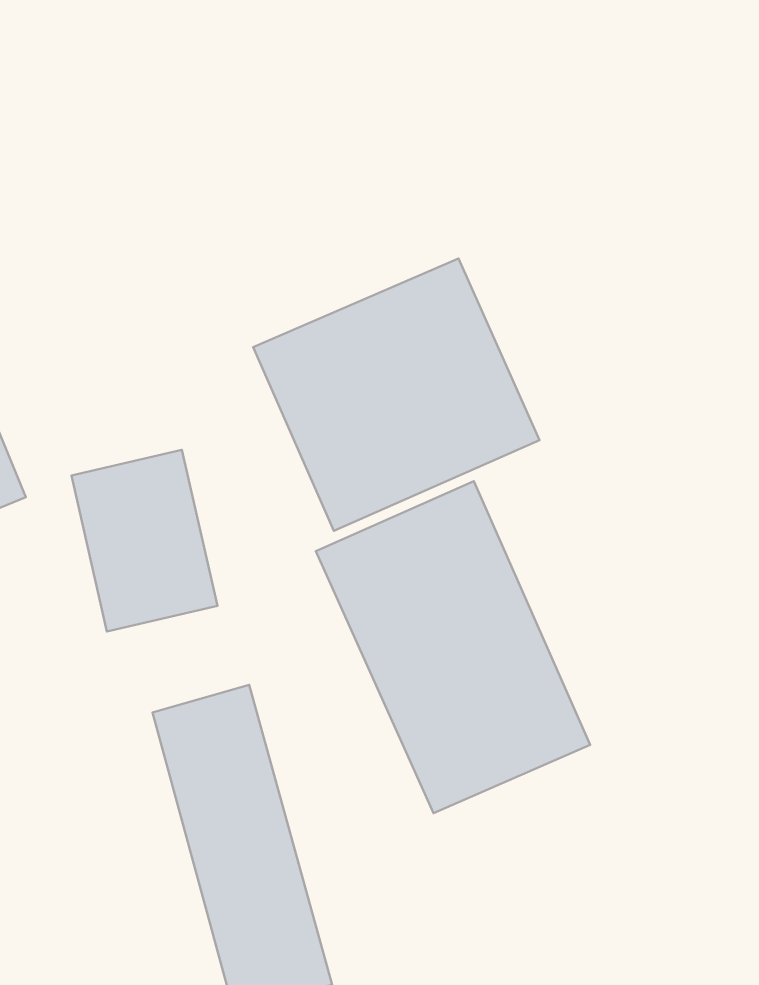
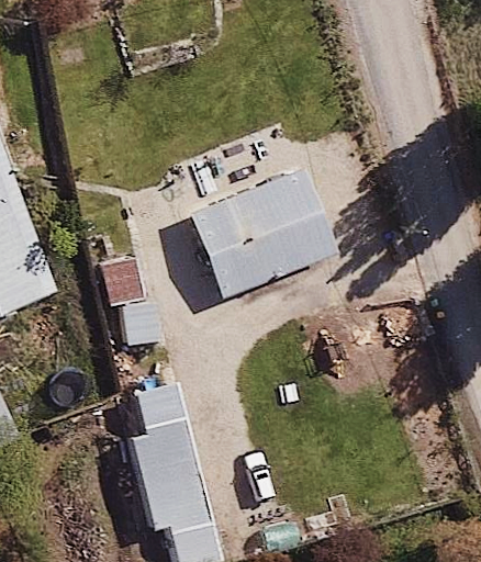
building: [316,481,590,813] -> none

